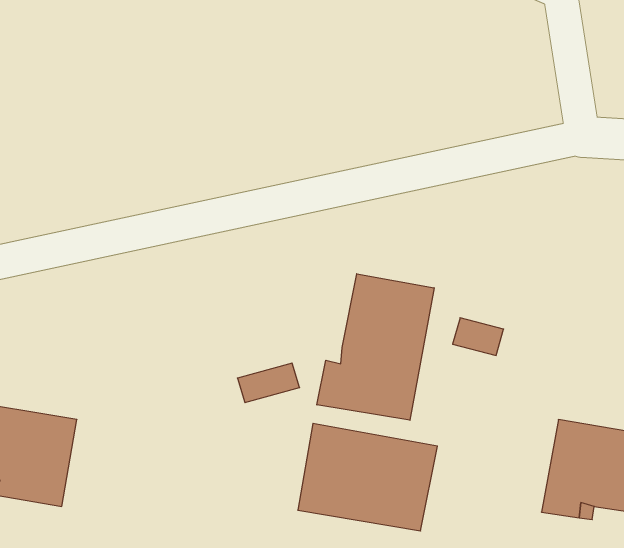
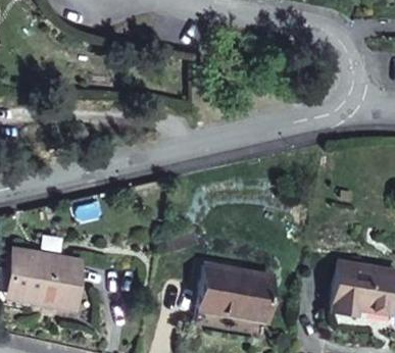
building: [317,274,434,420] -> none

